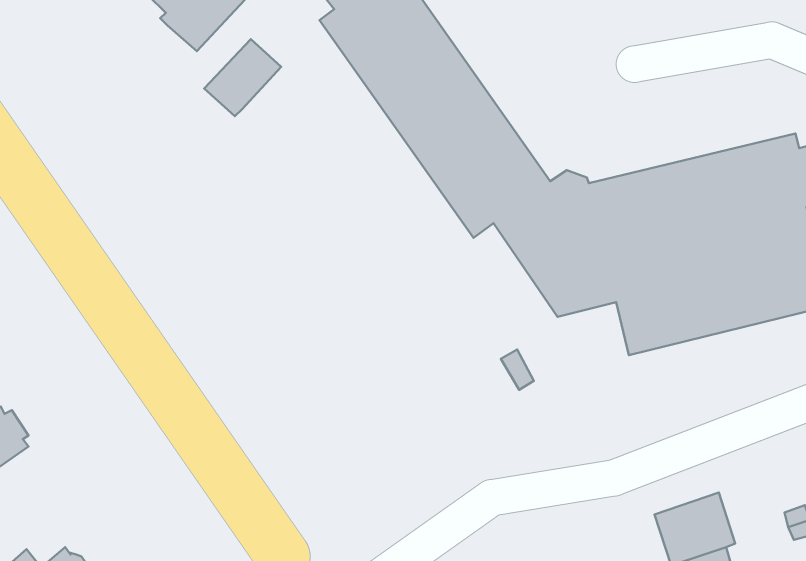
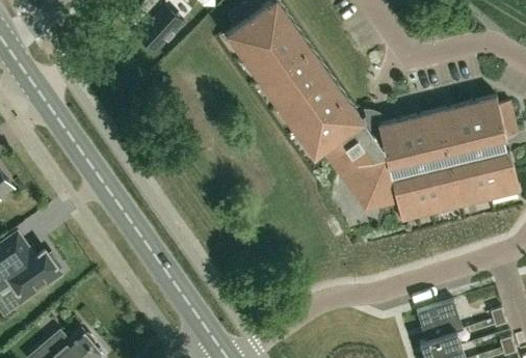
building: [204,39,281,116] -> none

